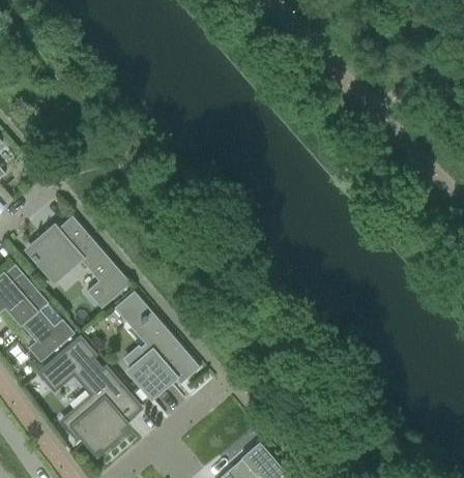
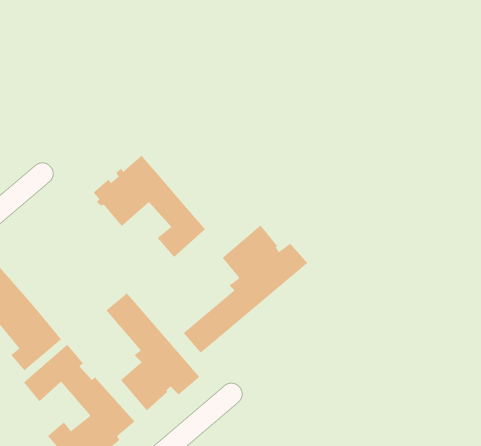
building: [27,215,129,308] -> [93,155,206,258]
building: none -> [183,224,308,353]

